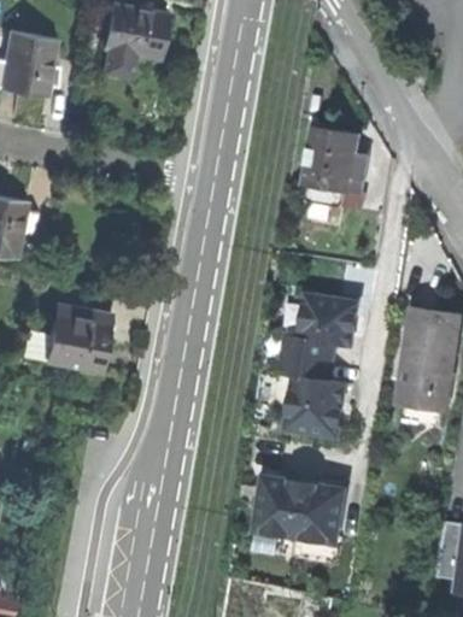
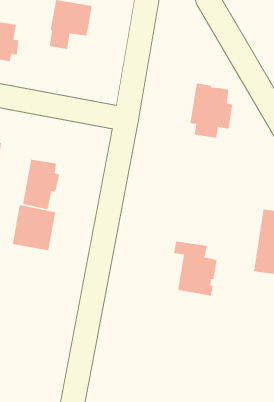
building: none -> [22,159,60,210]
building: [286,295,359,363] -> none
building: [254,477,347,562] -> none

